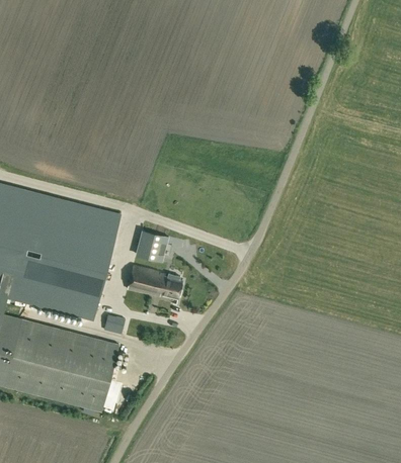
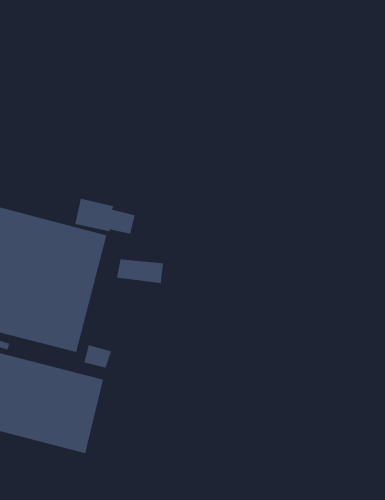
building: [128,265,182,297] -> [74,198,135,234]

